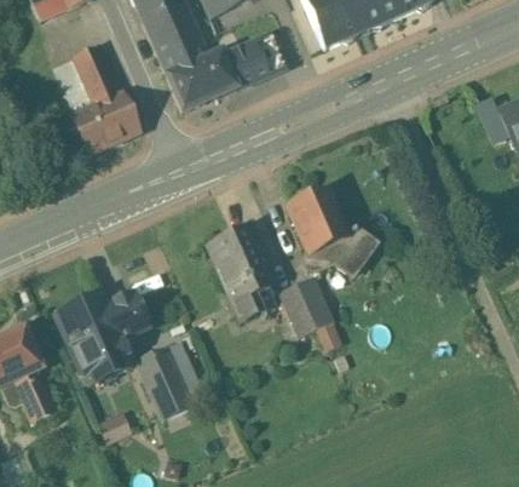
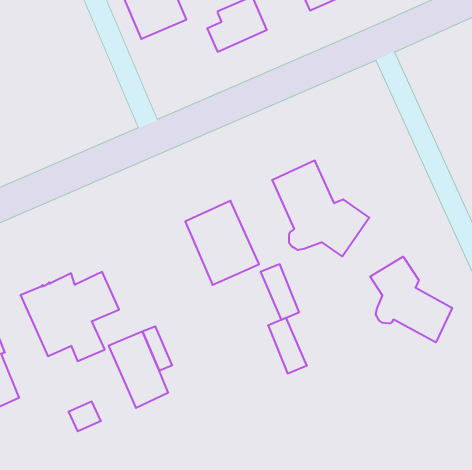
building: [69,44,138,151] -> none
building: [166,50,236,109] -> none
building: [295,276,331,328] -> [268,318,307,373]
building: none -> [370,257,452,342]

